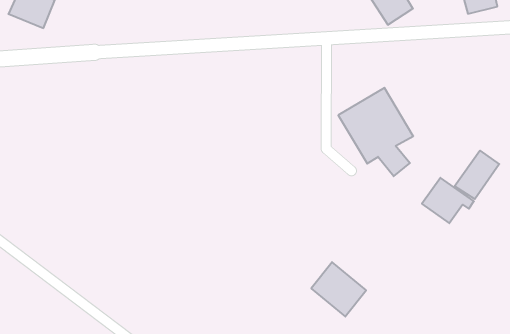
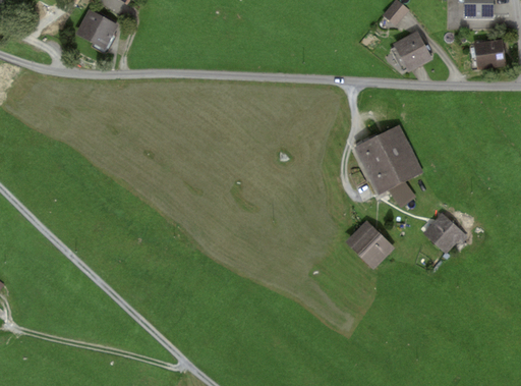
building: [455,151,499,199] -> none
building: [311,262,366,317] -> [346,219,394,268]

